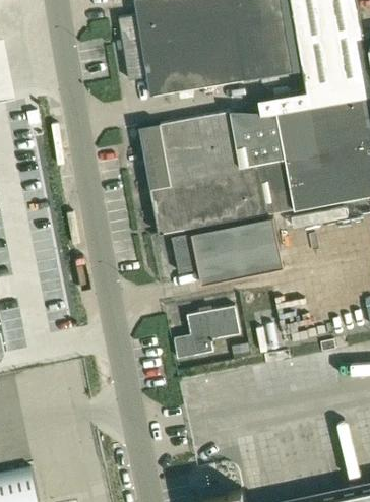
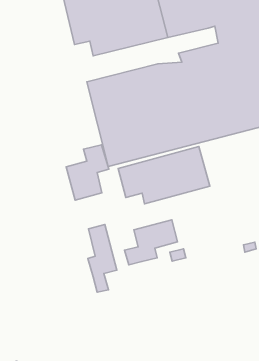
building: none -> [66,145,109,200]
building: none -> [88,224,117,292]

